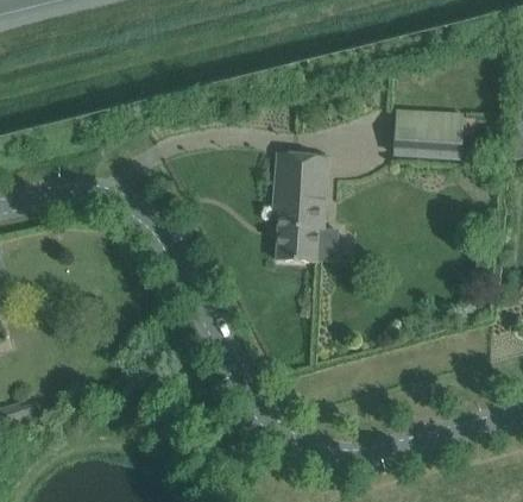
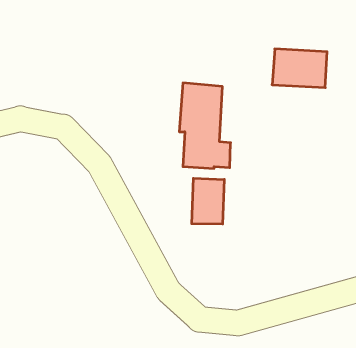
building: none -> [192,178,224,224]

